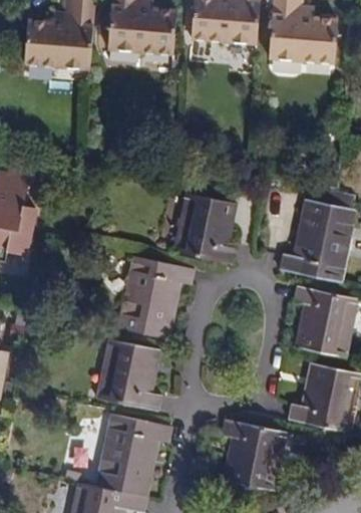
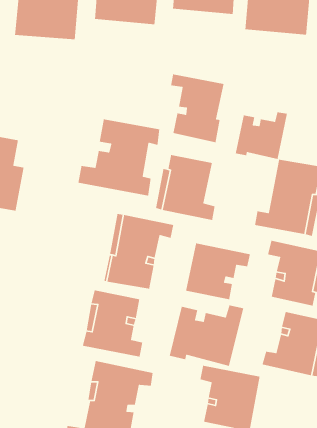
building: none -> [170,74,224,143]
building: none -> [235,112,288,160]
building: none -> [77,119,160,197]
building: none -> [185,243,251,300]
building: none -> [169,305,244,367]

